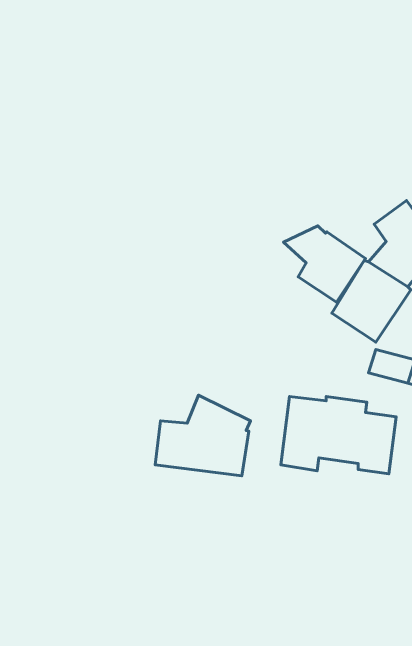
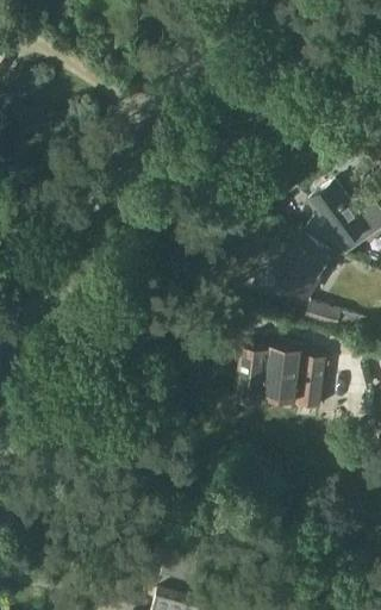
building: [283,226,365,302] -> none
building: [155,395,250,476] -> none

